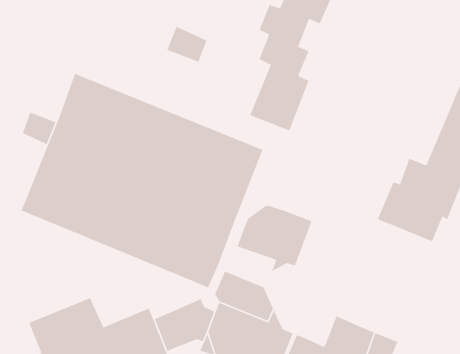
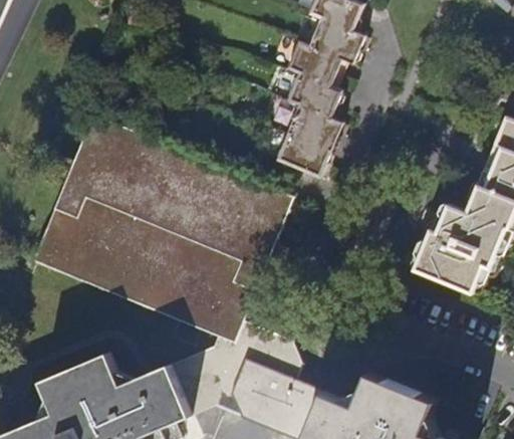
building: [166,26,207,63] -> none
building: [22,112,56,145] -> none
building: [237,205,312,273] -> none

